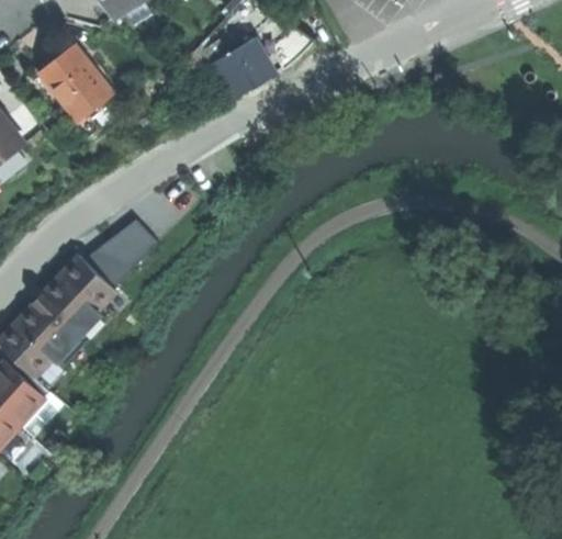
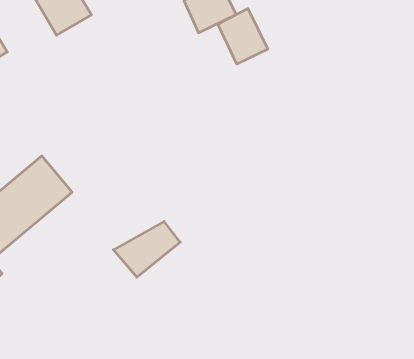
building: none -> [218,9,268,64]
building: [81,222,155,288] -> [113,221,180,277]

